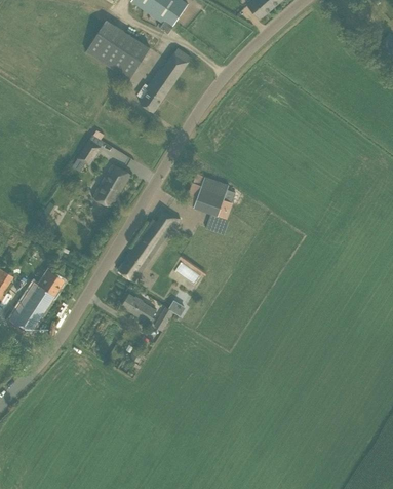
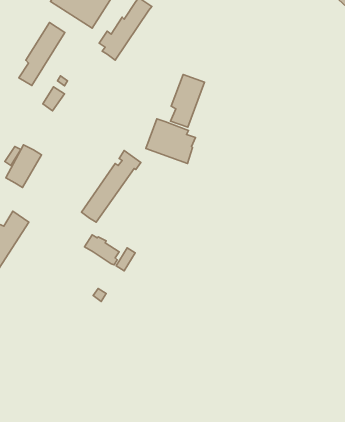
building: none -> [19,23,65,85]
building: none -> [170,74,204,127]
building: [93,162,130,206] -> [6,145,41,188]

